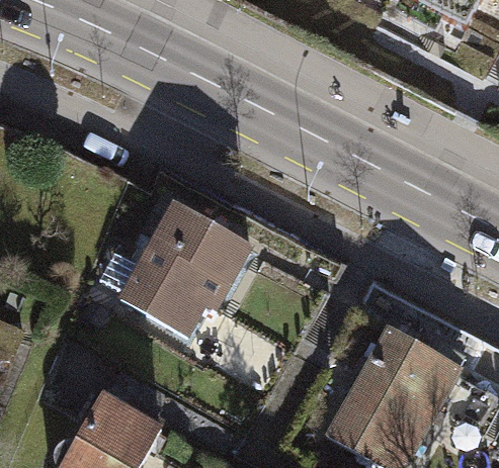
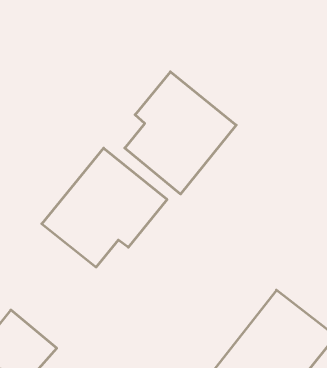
building: none -> [125,72,236,194]

